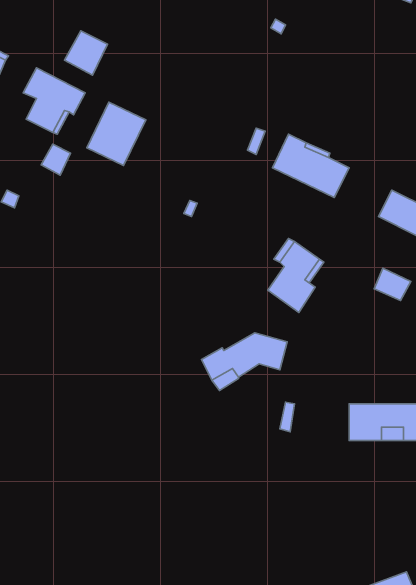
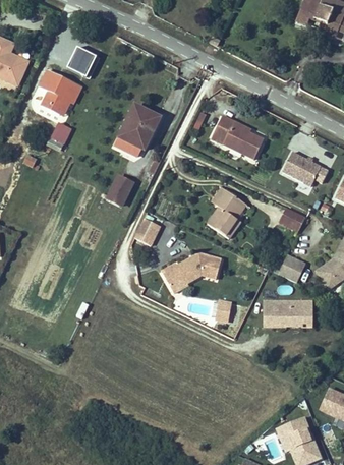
building: [87,102,146,166] -> [119,105,160,149]
building: none -> [107,175,132,205]
building: none -> [134,218,160,245]
building: none -> [278,254,305,282]

